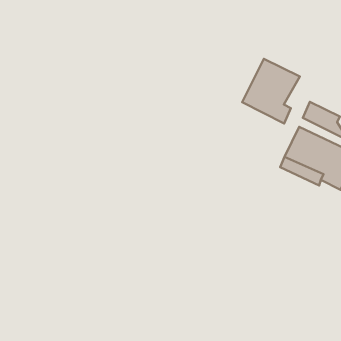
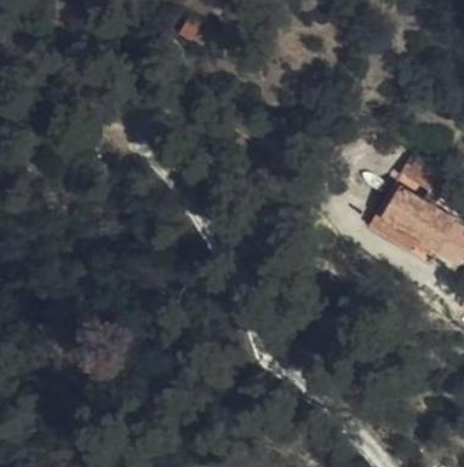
building: [242,59,300,124] -> none

